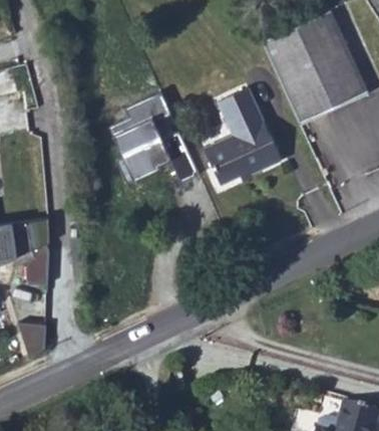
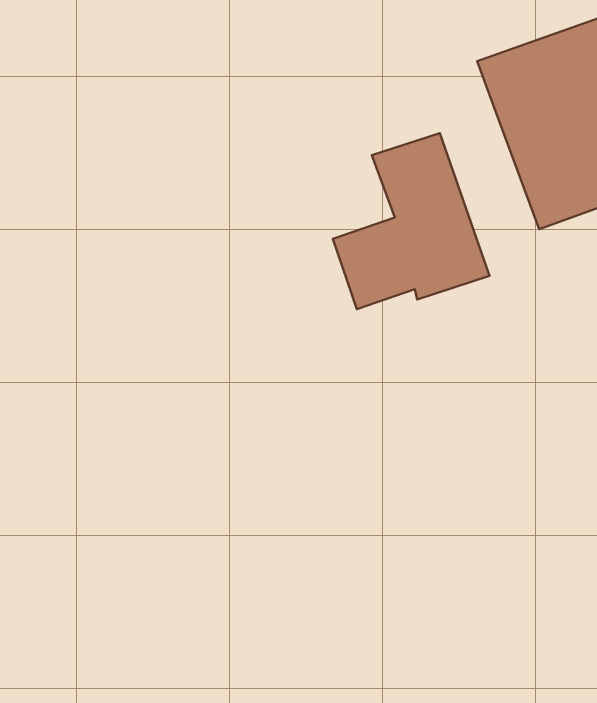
building: [105,86,195,180] -> none

